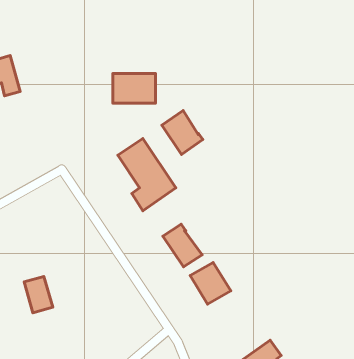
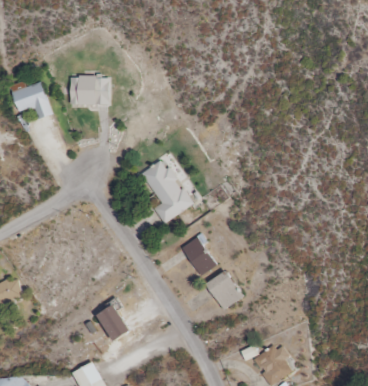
building: [113,73,156,103] -> [70,77,109,104]
building: [162,110,203,154] -> none
building: [24,277,53,313] -> [101,306,127,339]

